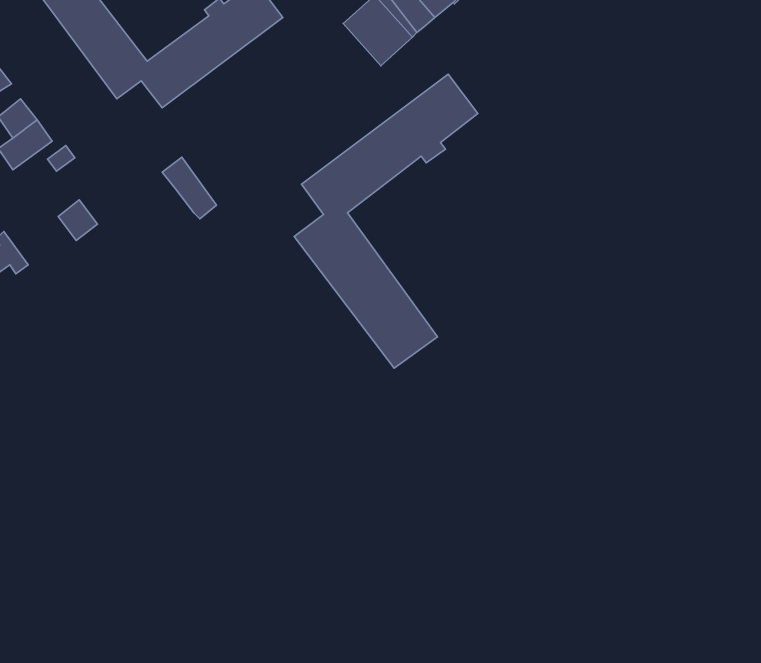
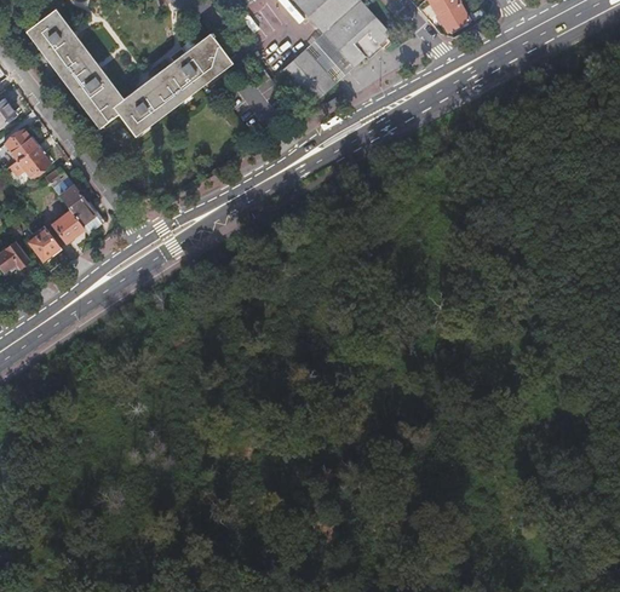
building: [294,74,478,368] -> none
building: [162,157,216,219] -> [58,184,102,234]
building: none -> [25,225,58,259]

